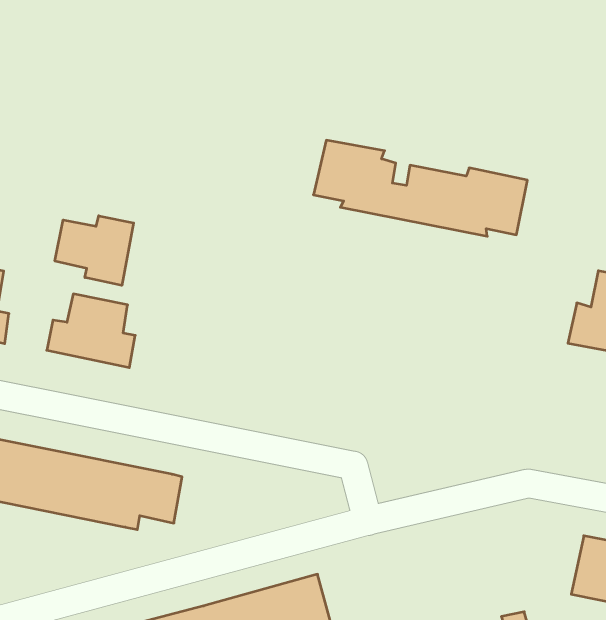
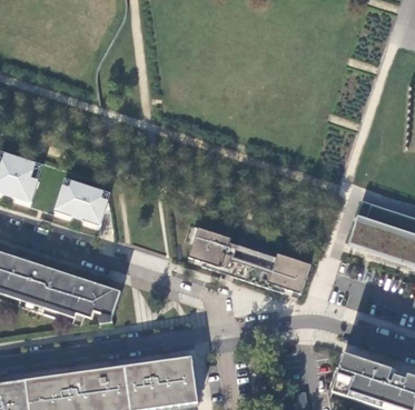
building: [313,140,527,236] -> [187,227,309,293]
building: [55,216,134,285] -> none

